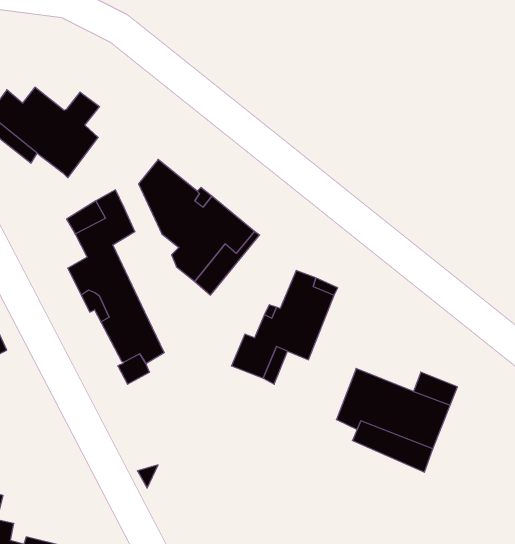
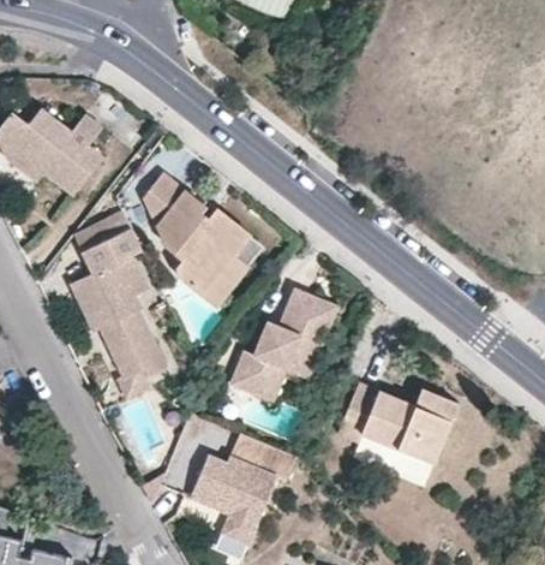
building: none -> [193,432,297,542]

